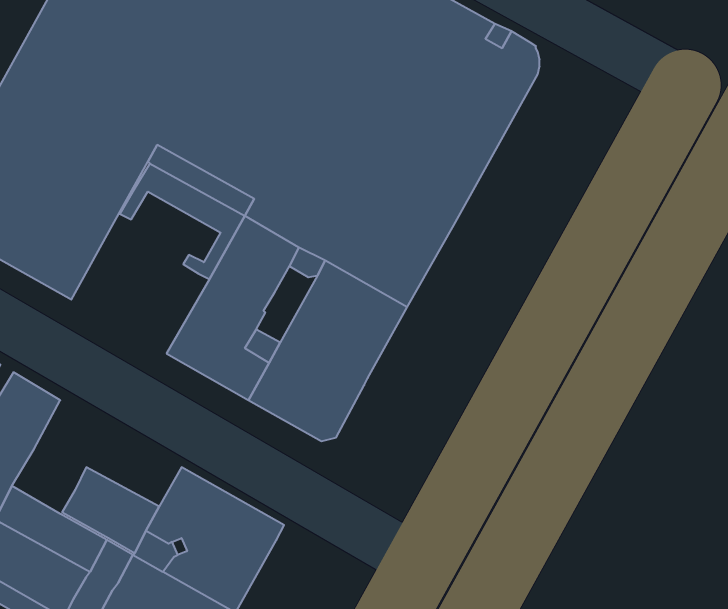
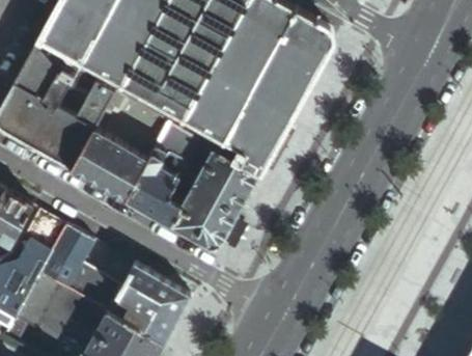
building: none -> [73,129,149,200]
building: none -> [39,226,93,290]

